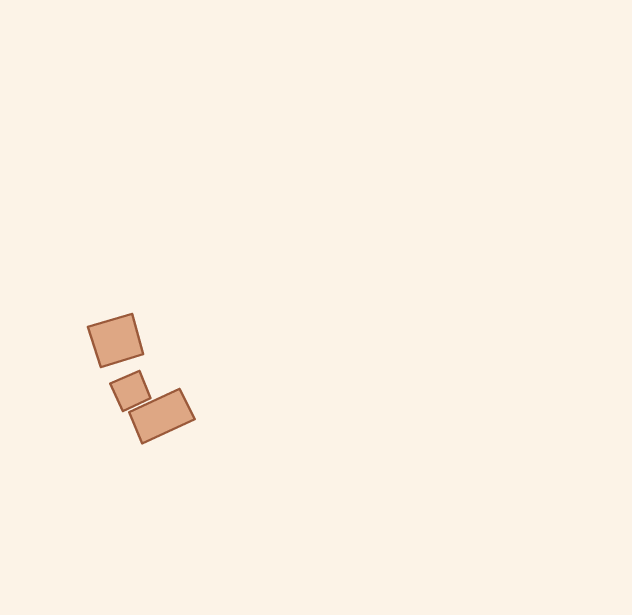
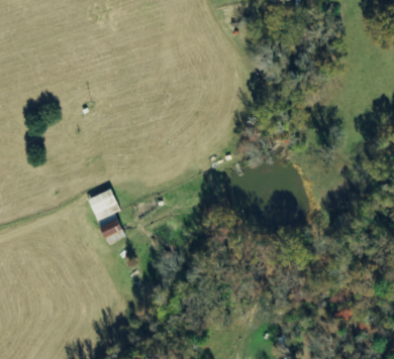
building: [129,389,195,444] -> none

